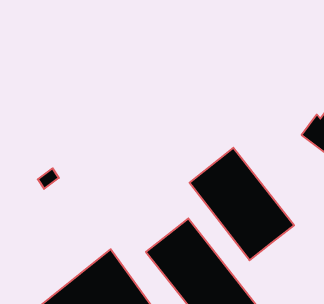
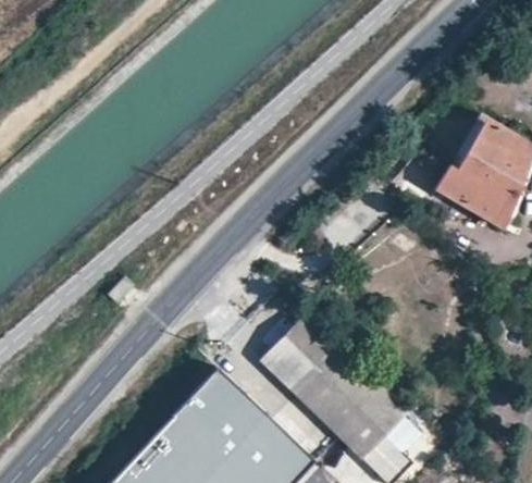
building: [190,148,294,260] -> none

